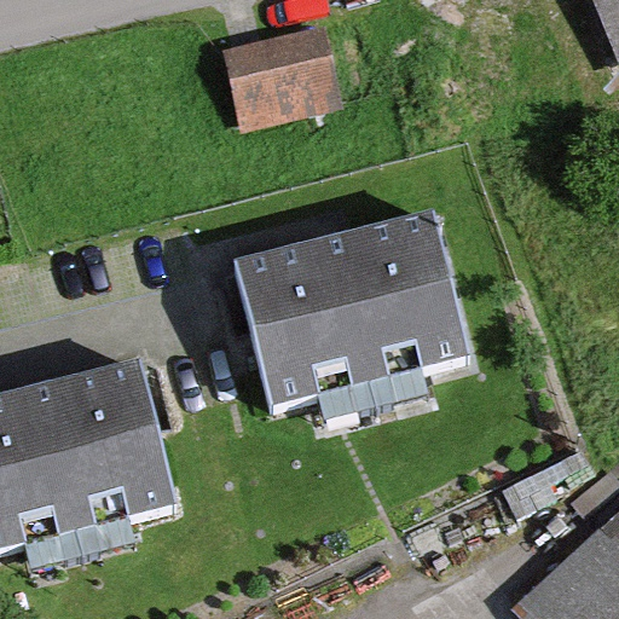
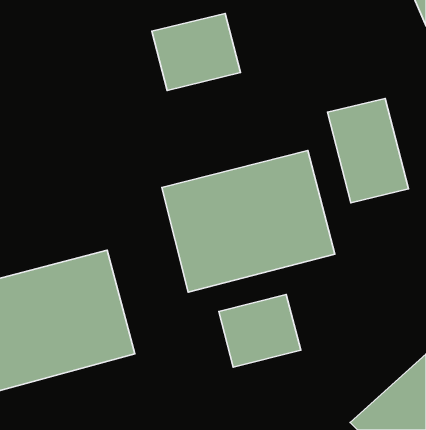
building: none -> [328,98,409,203]
building: none -> [219,295,301,367]

